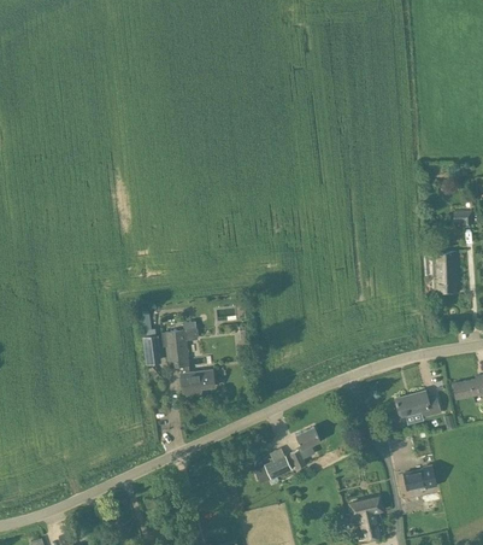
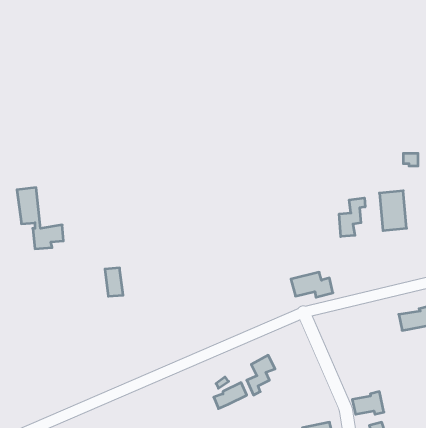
building: none -> [339,198,365,237]
building: [164,329,213,394] -> [17,188,63,249]
building: [395,391,440,417] -> [291,272,333,297]

